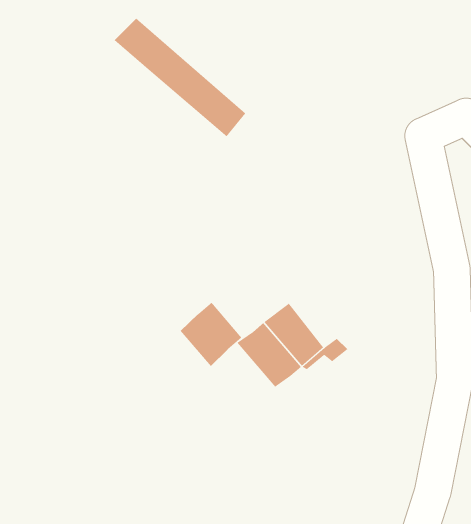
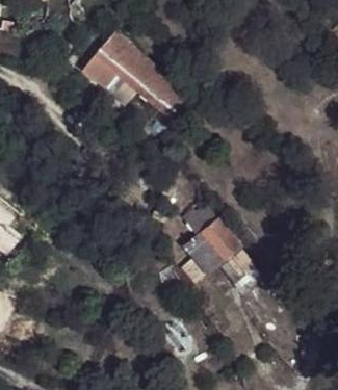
building: none -> [82,46,125,89]
building: [180,302,242,367] -> none

